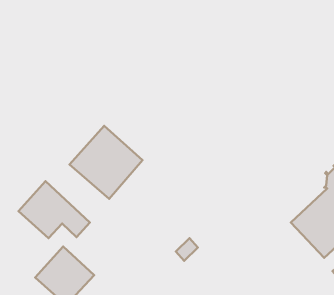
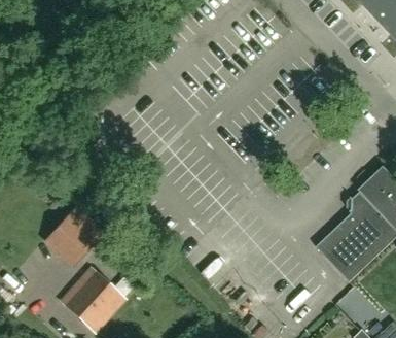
building: [69,126,143,199] -> none

